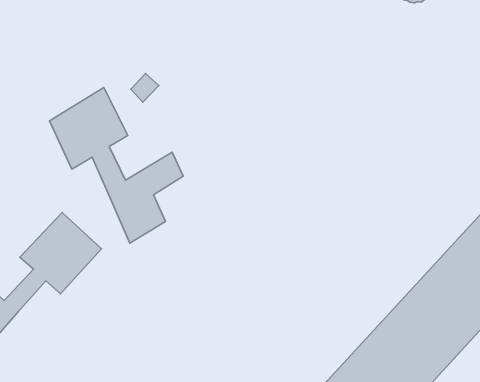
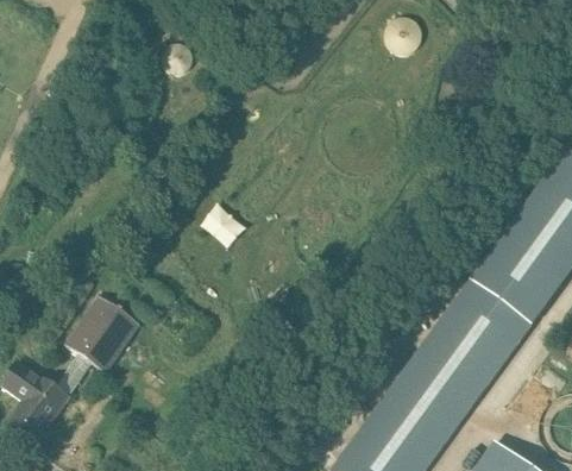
building: [49,87,183,243] -> none

